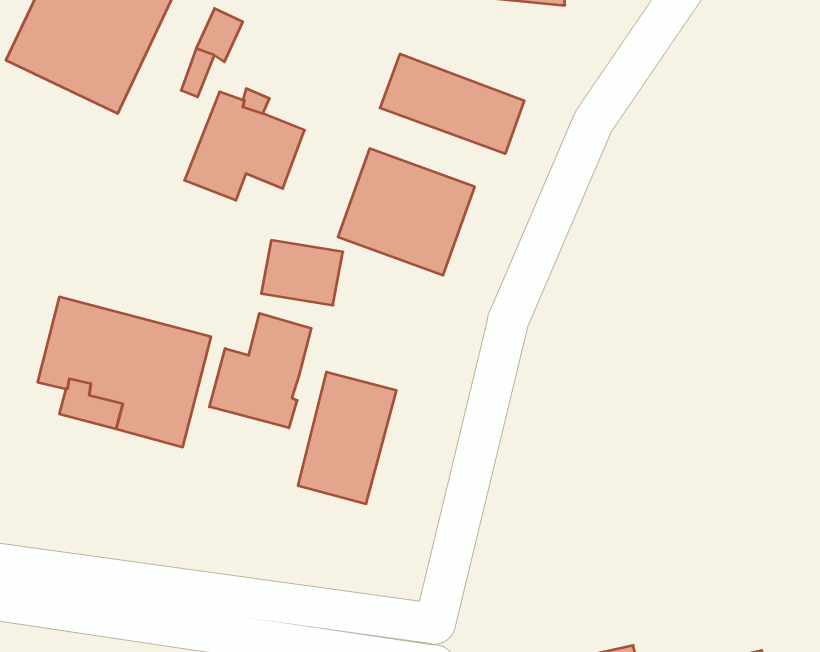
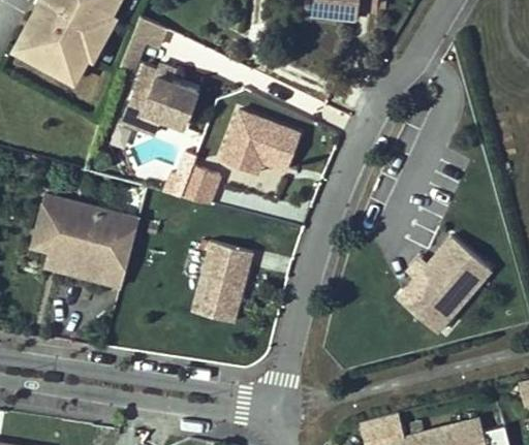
building: [380,54,524,154] -> none
building: [209,313,311,428] -> none
building: none -> [393,230,495,336]

